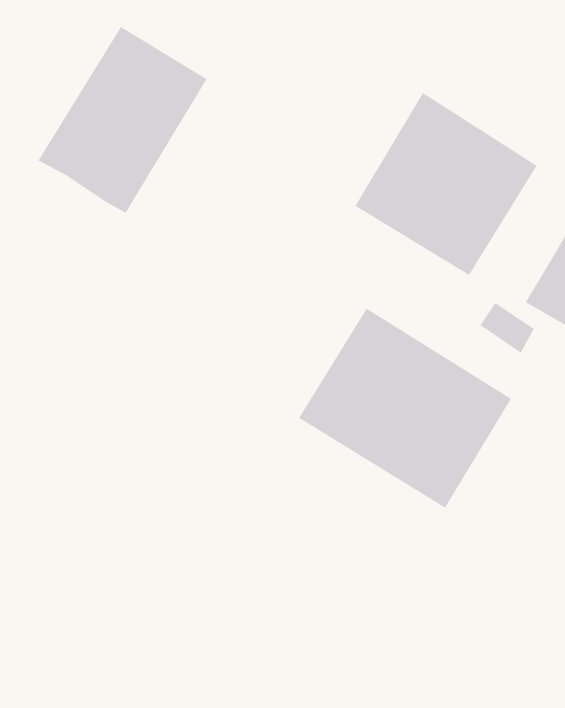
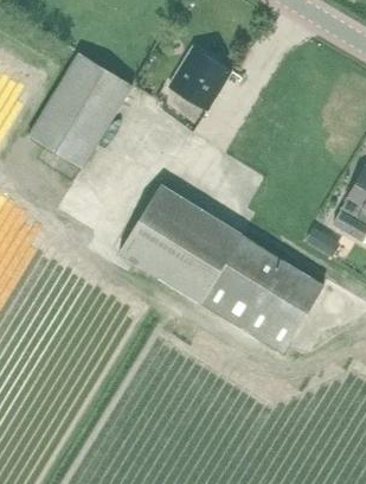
building: none -> [168,45,232,110]
building: [354,92,538,276] -> [117,182,232,297]

